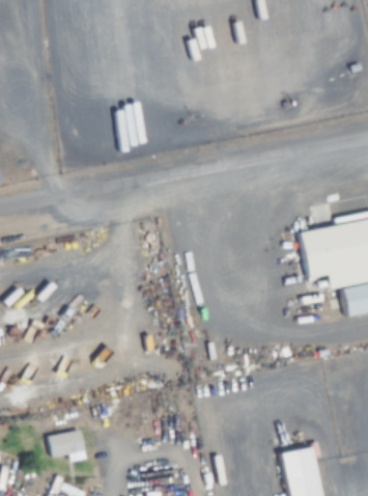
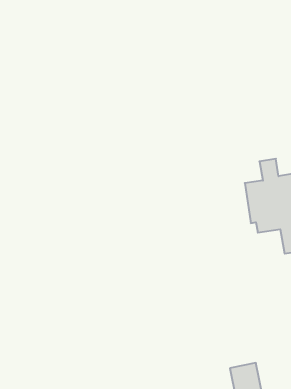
building: [49,429,87,461] -> none

